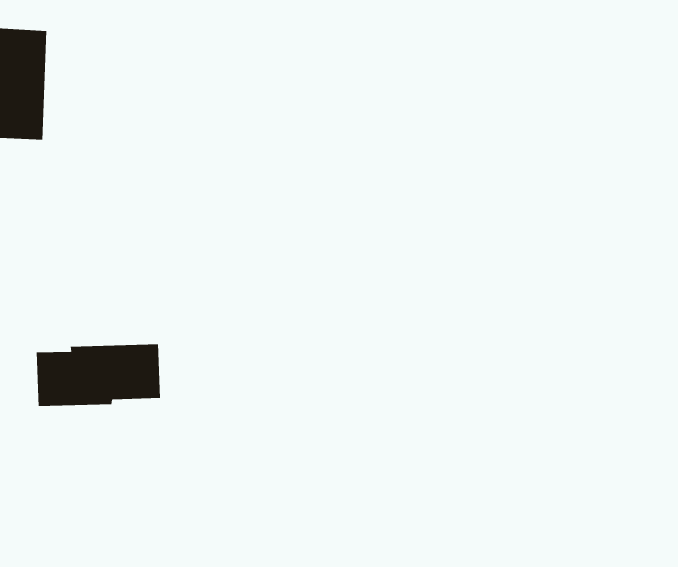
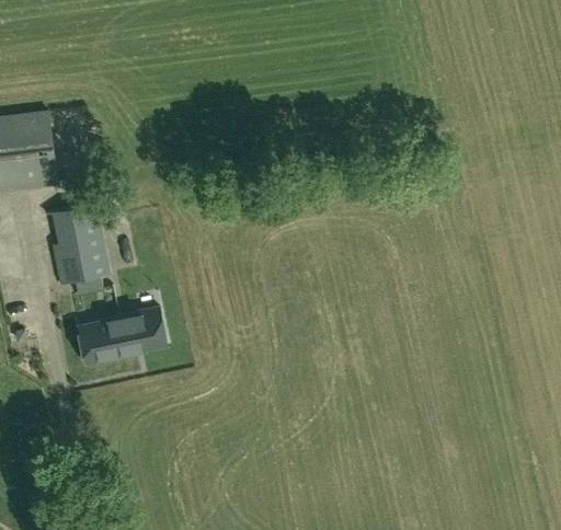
building: none -> [48,205,106,285]

